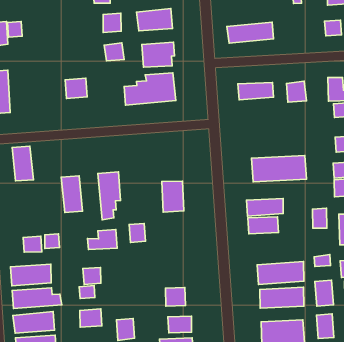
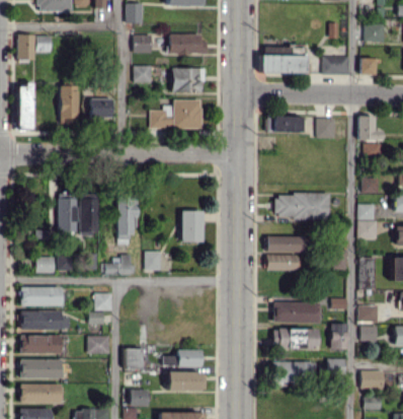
building: none -> [323,56,349,74]
building: none -> [60,85,78,123]
building: [12,146,33,181] -> [58,198,77,232]
building: [165,288,186,306] -> none

